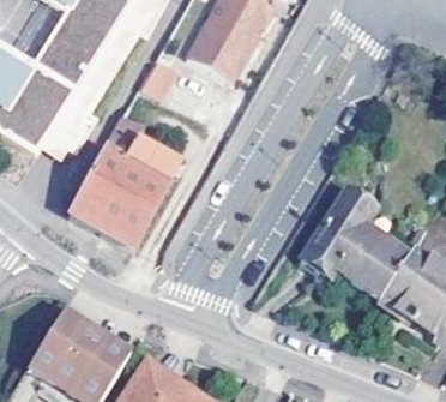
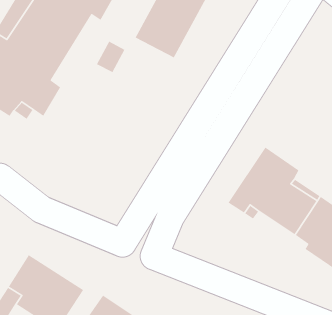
building: [68,113,181,245] -> none

